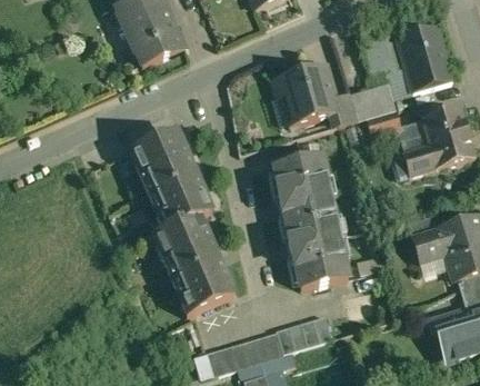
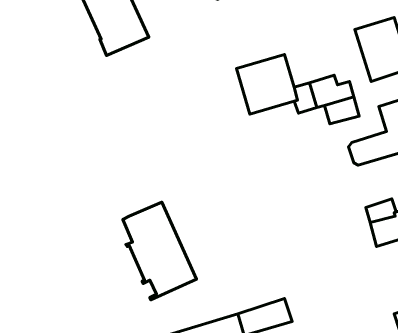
building: [128,129,210,230] -> none
building: [272,155,347,288] -> none

